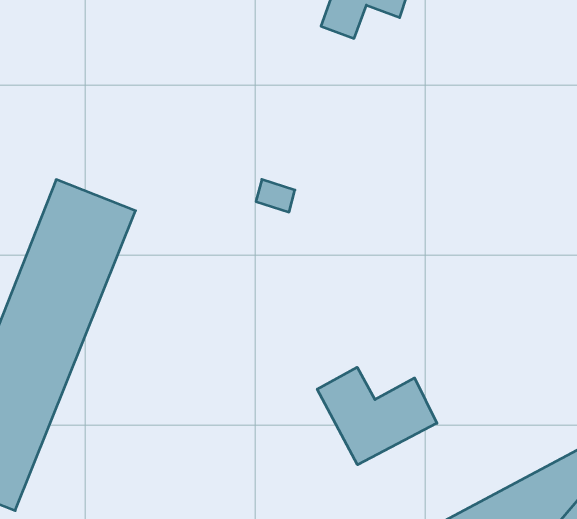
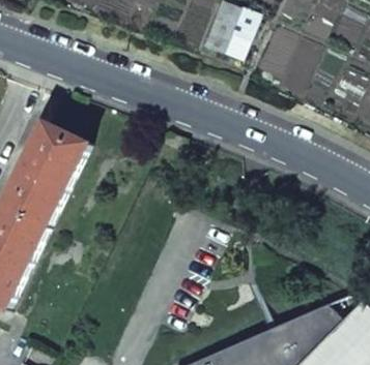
building: [317,367,437,465] -> none

